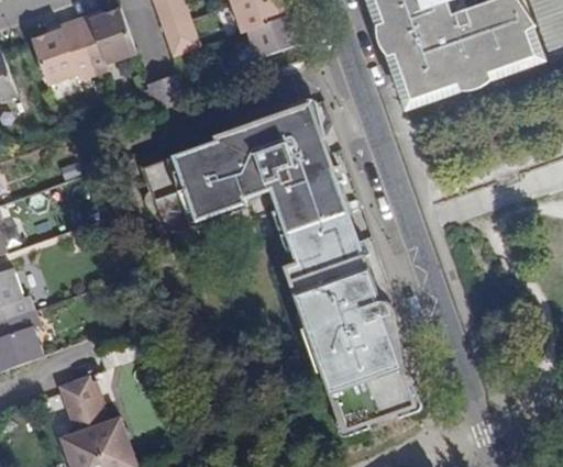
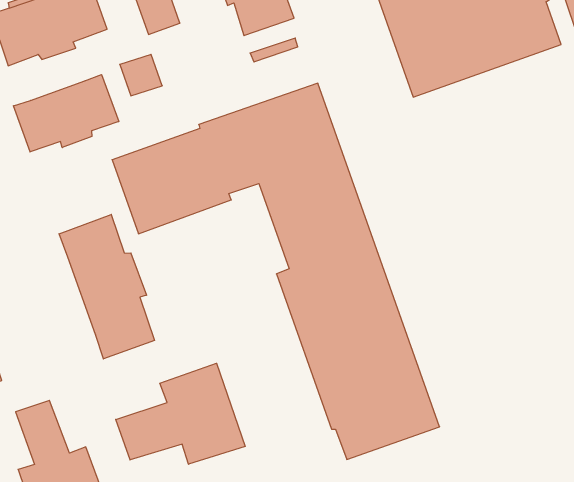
building: none -> [13,75,119,152]
building: none -> [59,214,155,359]
building: none -> [116,363,245,464]

